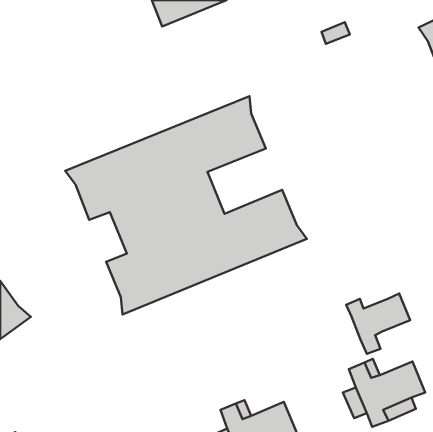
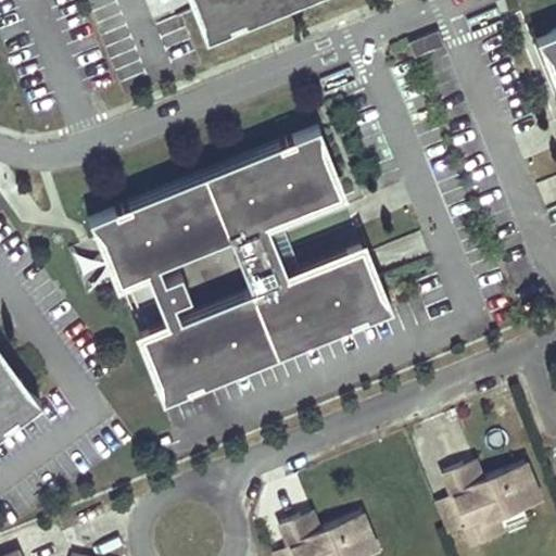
building: [346,294,410,354] -> none

